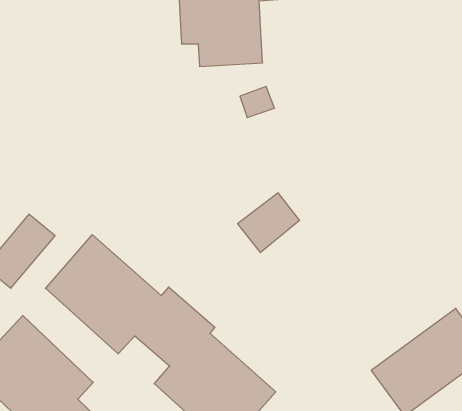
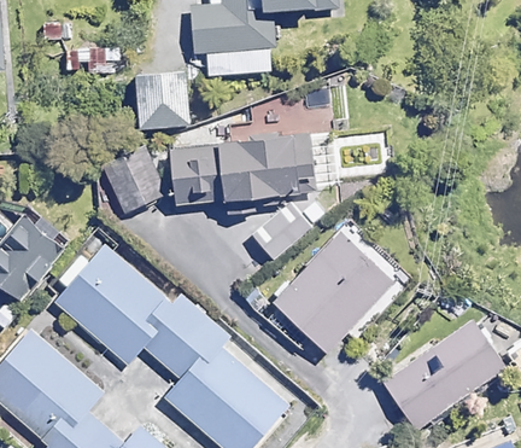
building: none -> [133,74,189,127]
building: none -> [171,130,312,216]
building: none -> [106,149,169,213]
building: none -> [273,228,394,350]

